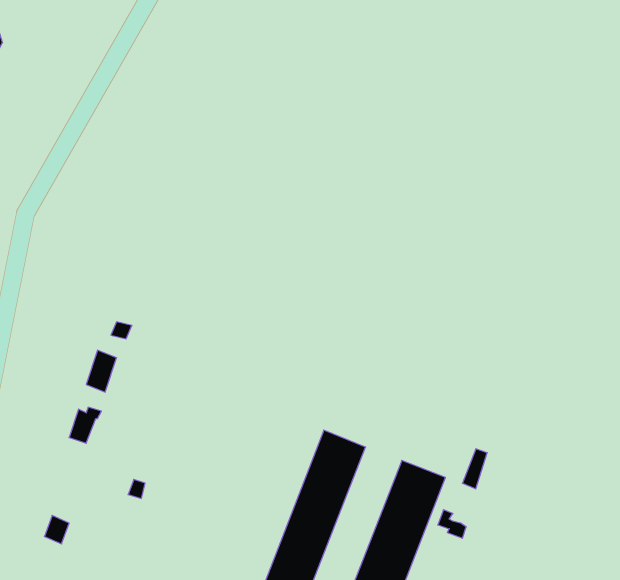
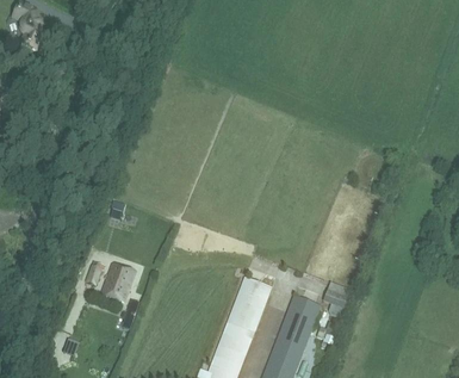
building: none -> [101,262,136,300]

